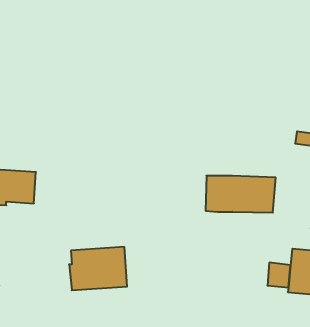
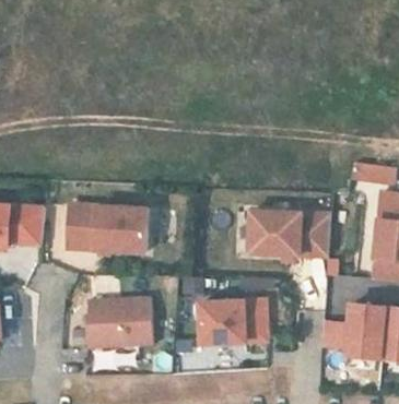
building: none -> [69,206,151,253]
building: none -> [200,299,268,343]

